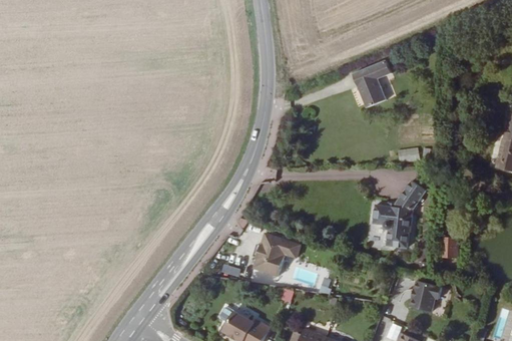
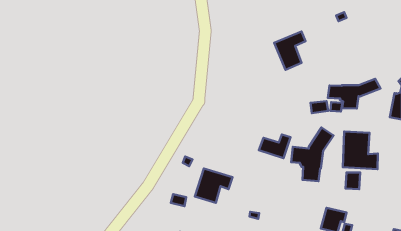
building: none -> [328,79,380,108]
building: none -> [343,132,378,169]
building: none -> [259,134,291,158]

